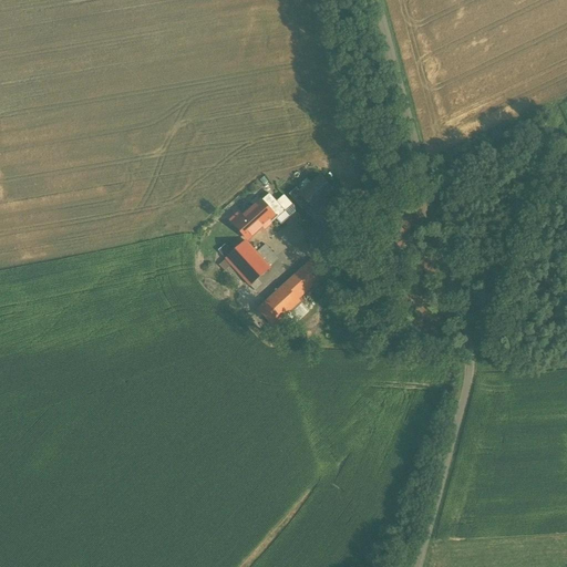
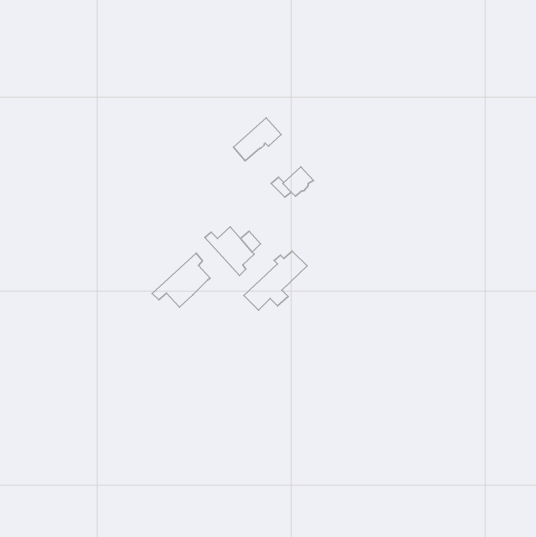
building: [231,192,281,237] -> [234,118,281,161]
building: none -> [152,253,210,307]

